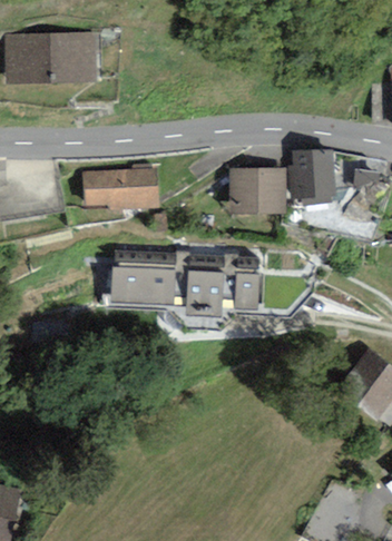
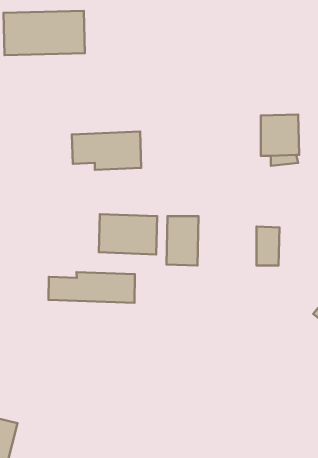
building: [231,167,286,214] -> none
building: [234,266,259,309] -> [256,226,280,266]
building: none -> [49,272,135,303]

